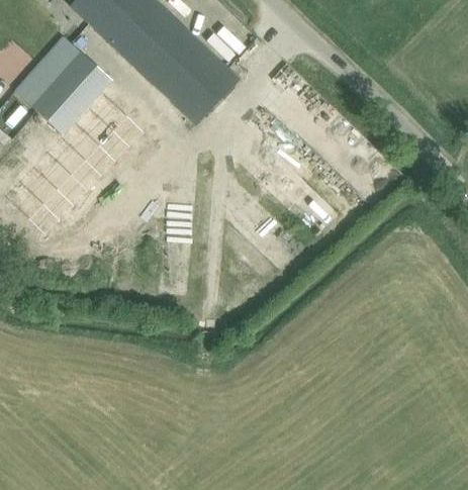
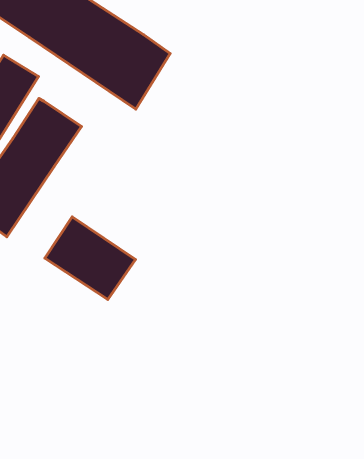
building: none -> [45,217,135,300]

